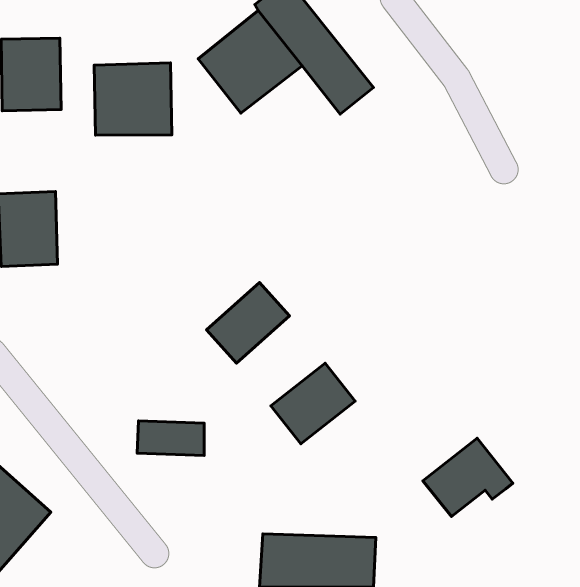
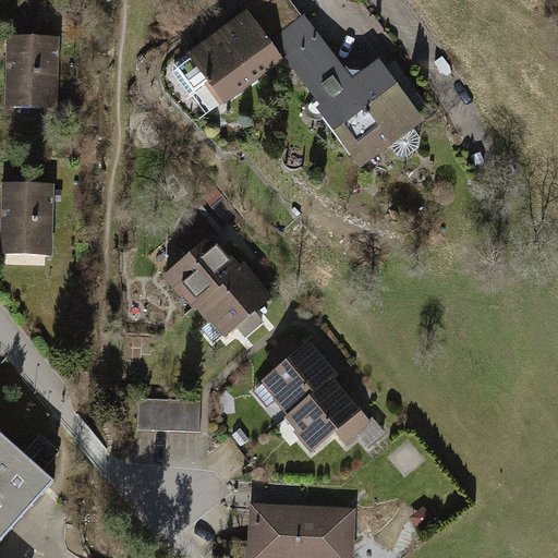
building: [94,63,172,135] -> none
building: none -> [316,62,425,170]
building: none -> [162,231,245,312]
building: [423,438,513,517] -> [284,379,369,453]

